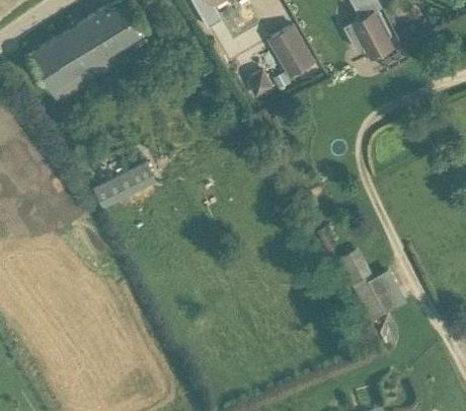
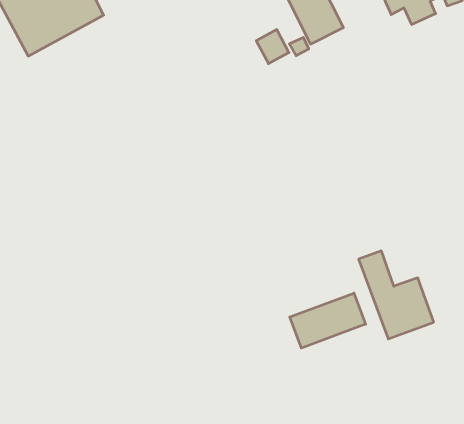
building: [92,160,156,207] -> none
building: none -> [290,293,366,348]

